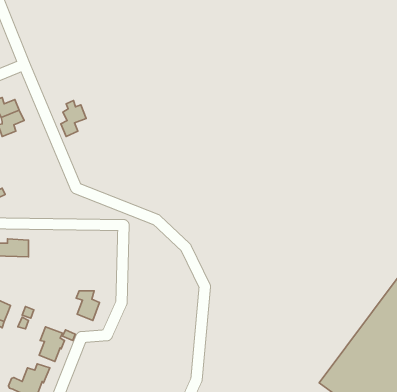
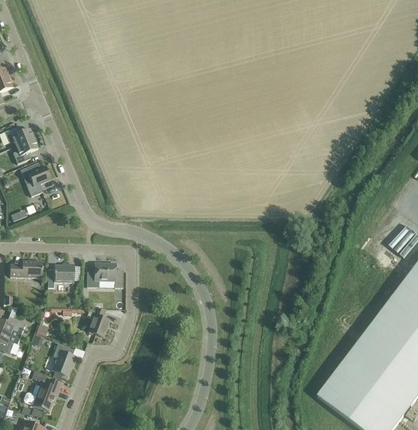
building: [61,101,86,136] -> [26,162,50,196]
building: none -> [86,262,123,287]
building: none -> [48,263,74,287]

